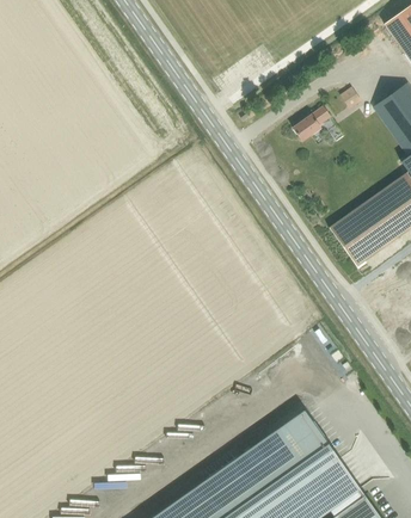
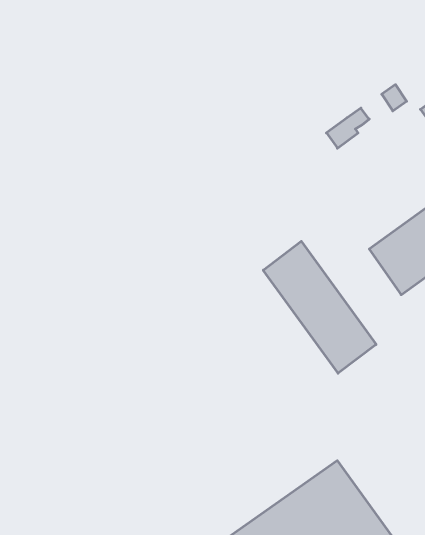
building: none -> [263,241,376,373]

